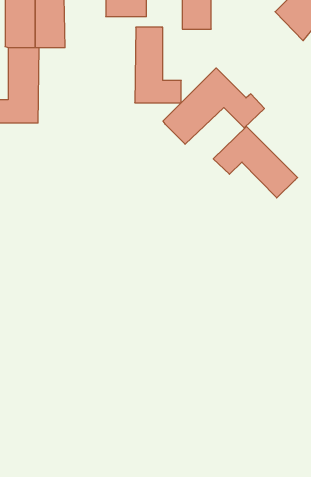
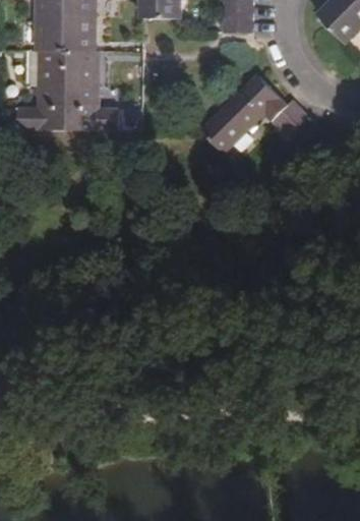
building: [135,27,181,103] -> [69,51,118,130]
building: [213,127,298,198] -> none

